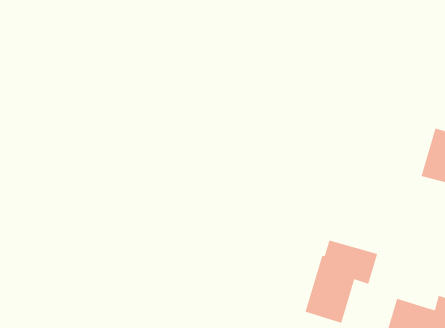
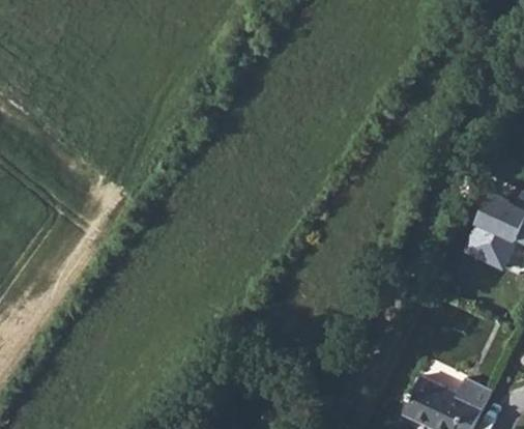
building: [305,240,378,324] -> none

